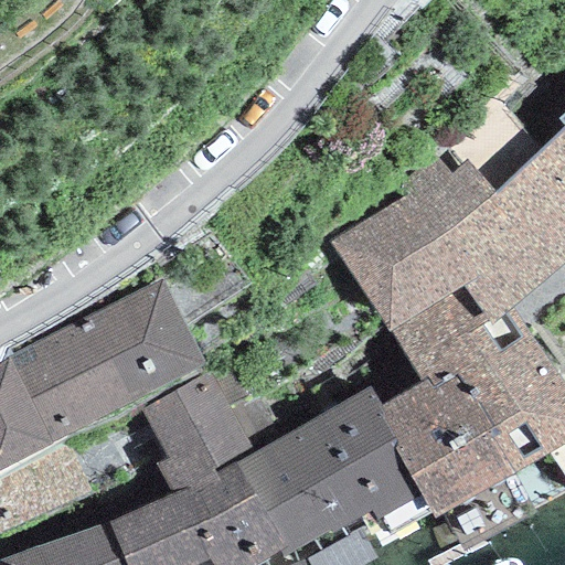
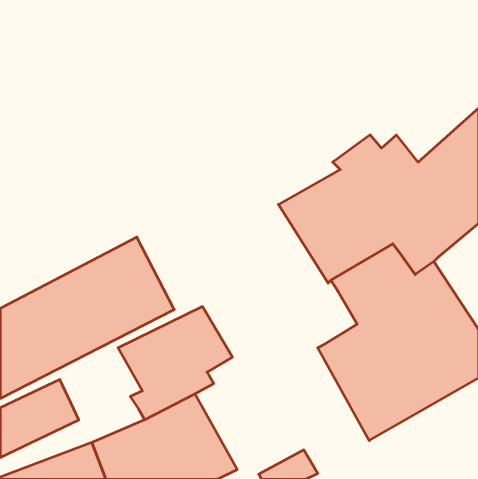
building: [231,388,431,558] -> none

